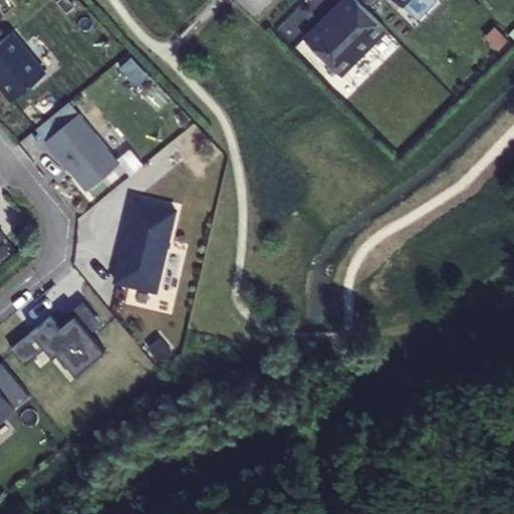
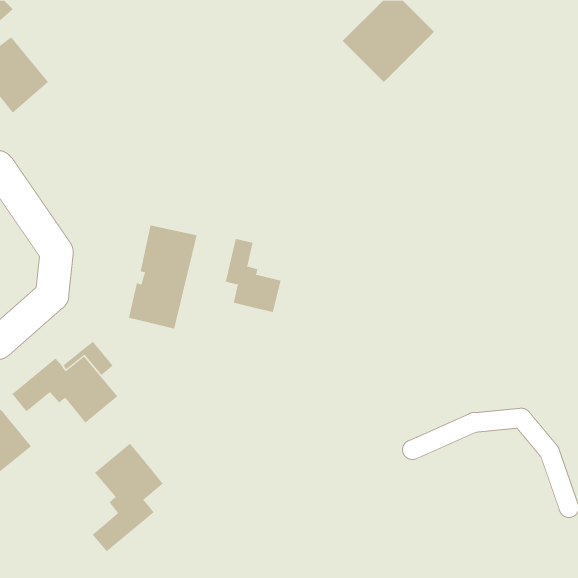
building: [35,103,117,193] -> none
building: none -> [225,238,281,313]
building: none -> [92,443,164,552]

